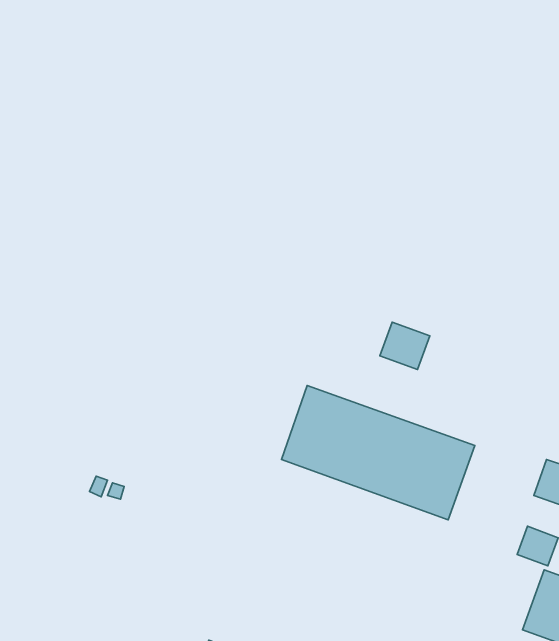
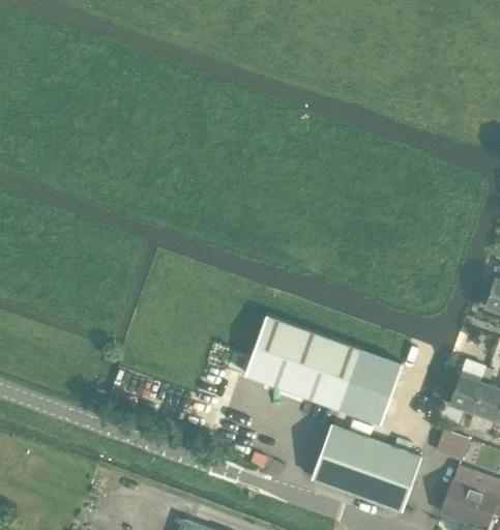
building: [380,322,430,369] -> none
building: none -> [312,425,419,511]

